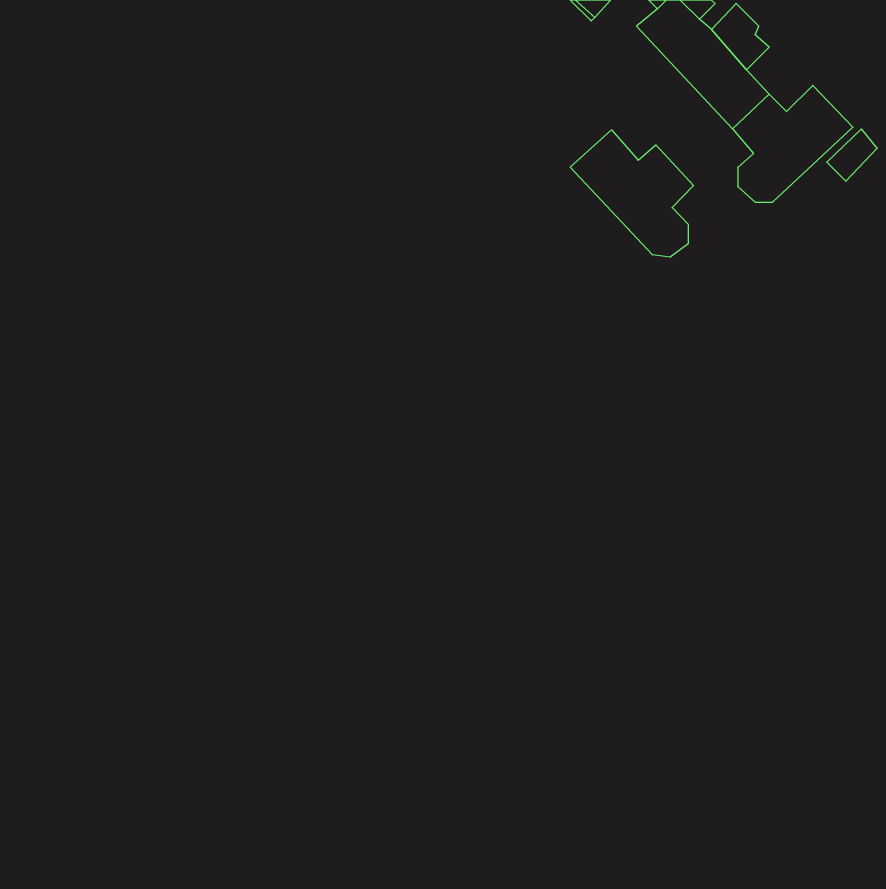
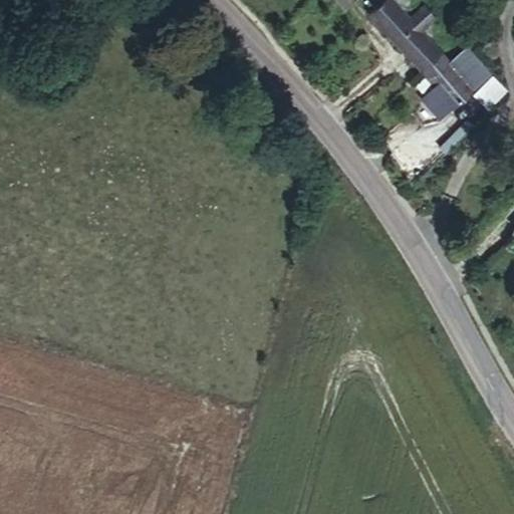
building: [570,130,693,257] -> none

